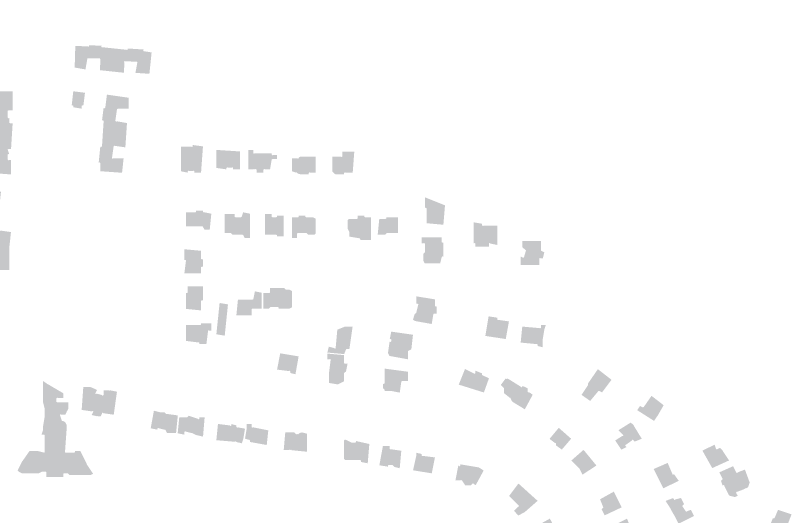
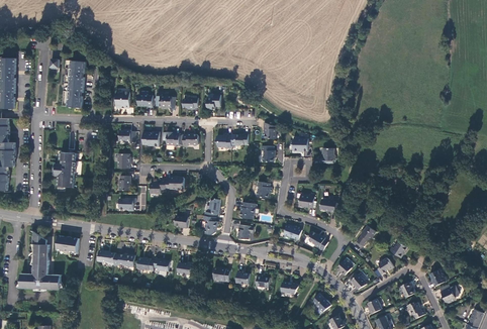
building: [74,44,152,74] -> none
building: none -> [53,152,76,187]

